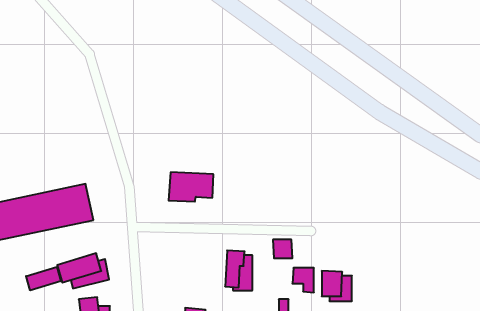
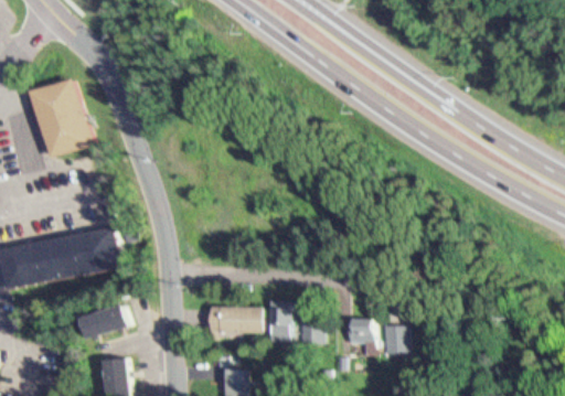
building: none -> [31,79,94,159]
building: [169,172,213,202] -> [204,304,255,338]
building: [273,240,292,258] -> [296,322,318,343]
building: [26,267,61,290] -> none

